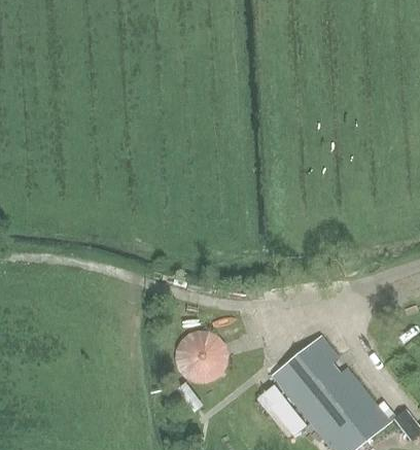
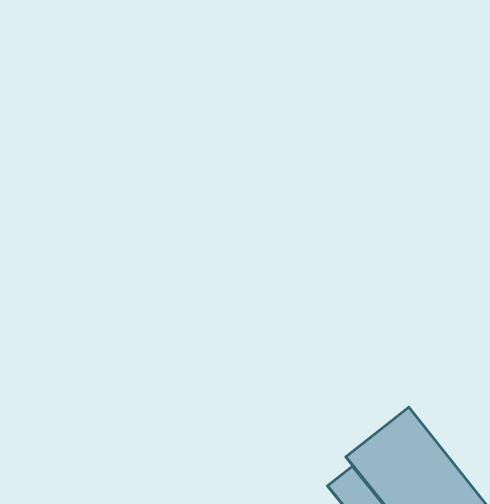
building: [175,331,225,381] -> none

